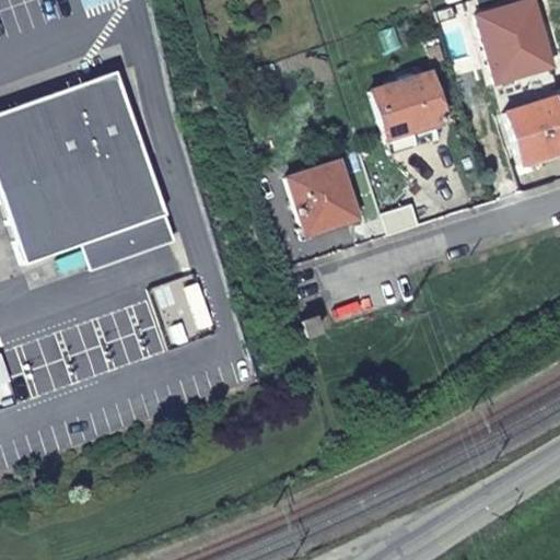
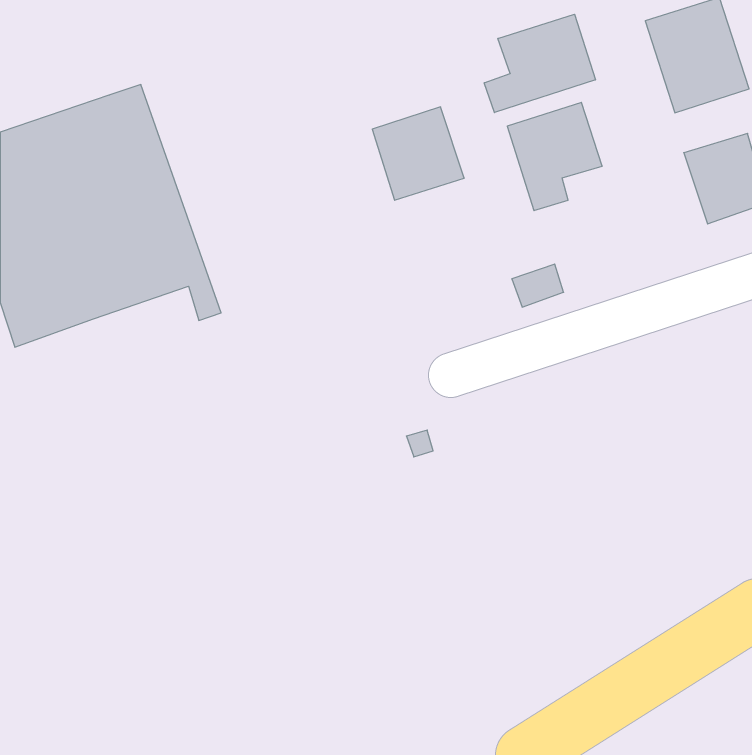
building: none -> [484,14,595,113]
building: [291,166,359,235] -> [372,107,464,200]
building: [73,211,151,260] -> none

